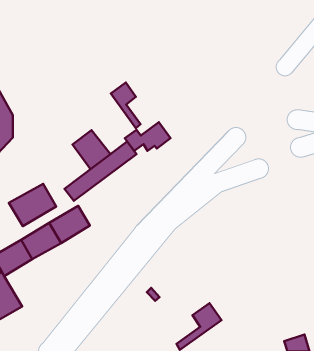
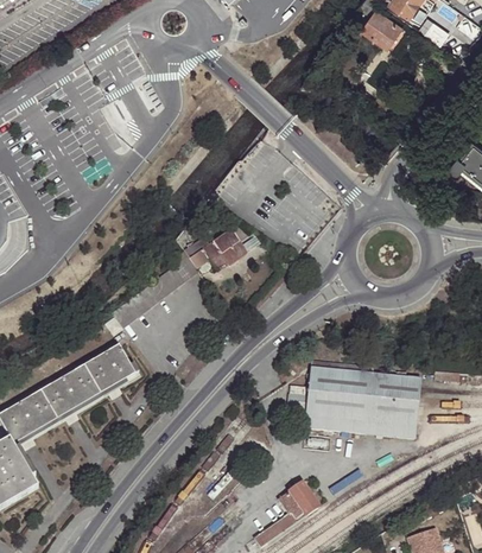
building: [111,83,140,128] -> none
building: [73,130,111,169] -> none
building: [9,184,56,226] -> none
building: none -> [303,361,418,438]

